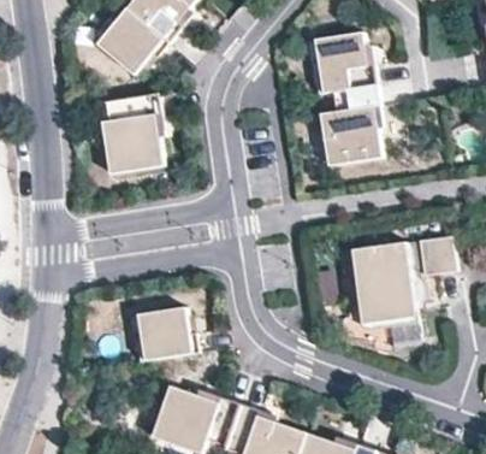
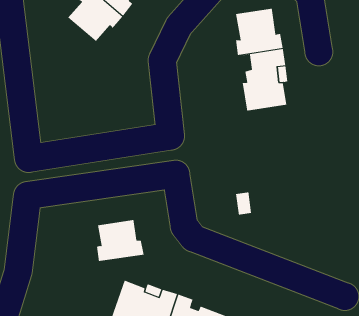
building: [103,93,162,173] -> none
building: [419,236,456,276] -> none
building: [350,242,419,328] -> none

